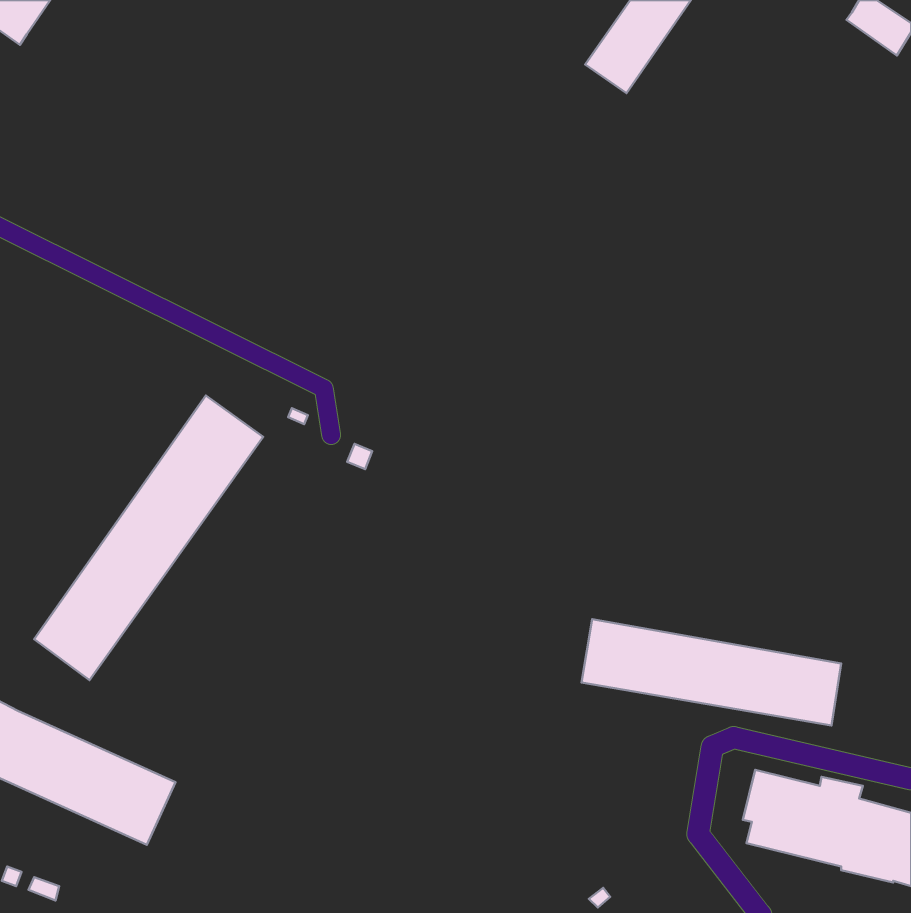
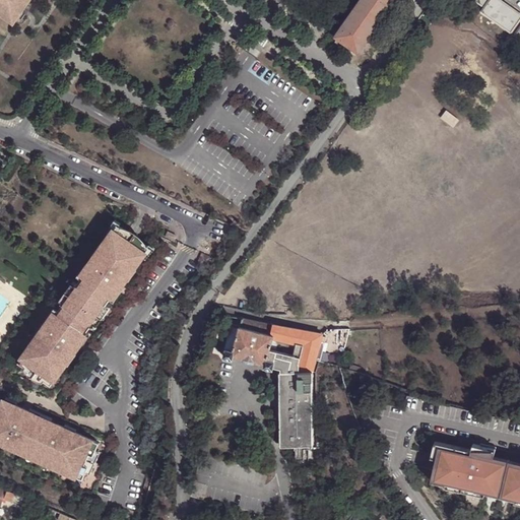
building: none -> [221,320,320,448]
building: [582,619,841,726] -> none

